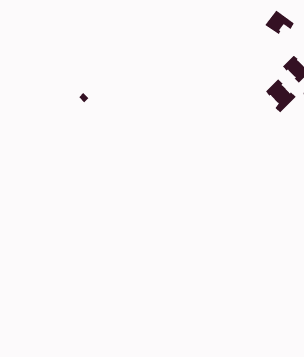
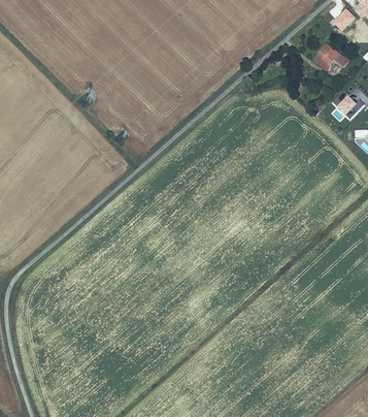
building: [265,78,296,113] -> none

